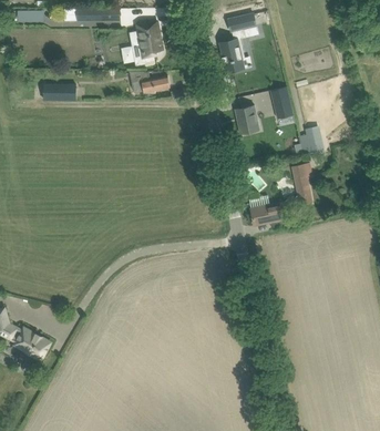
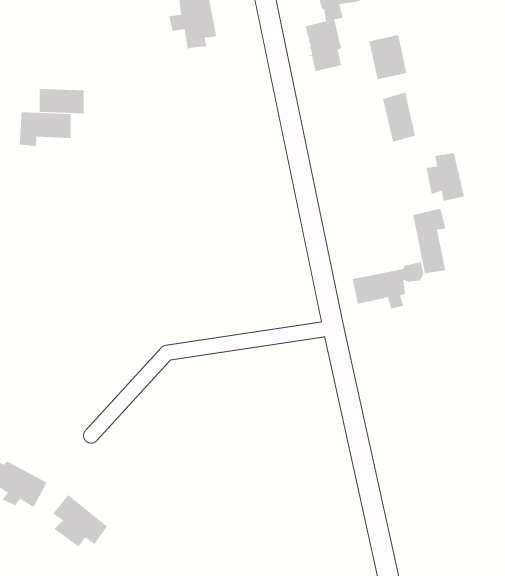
building: [131,71,170,93] -> none
building: none -> [19,112,71,147]
building: [234,104,259,134] -> [369,34,407,80]
building: none -> [52,494,108,548]

